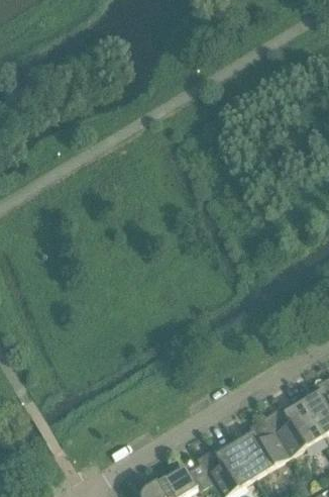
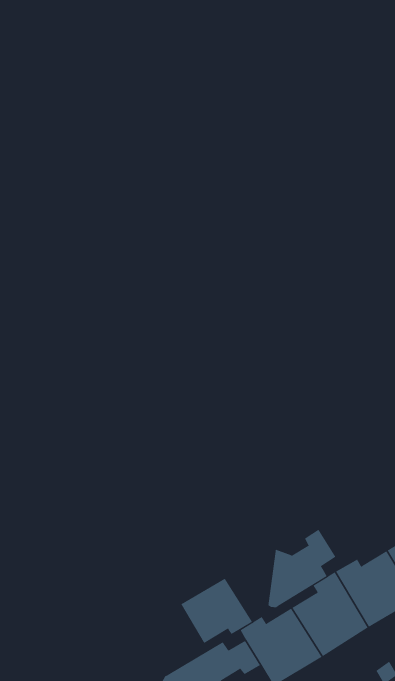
building: none -> [268,529,336,608]
building: none -> [180,578,253,644]

